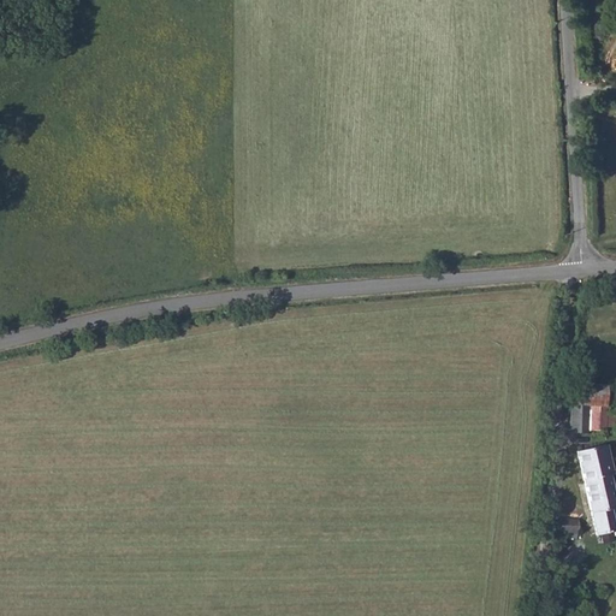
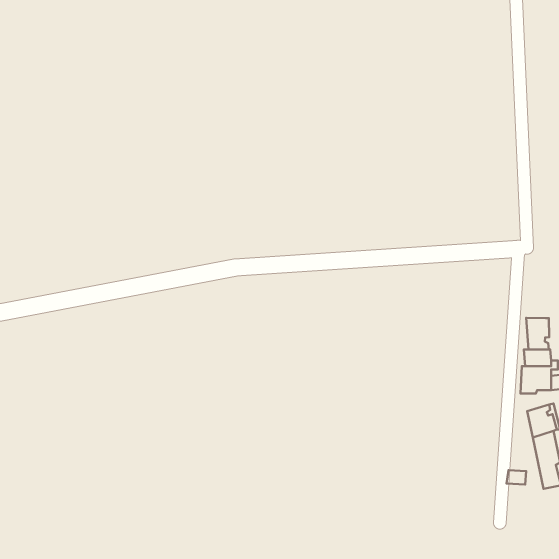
building: none -> [526,318,549,350]

